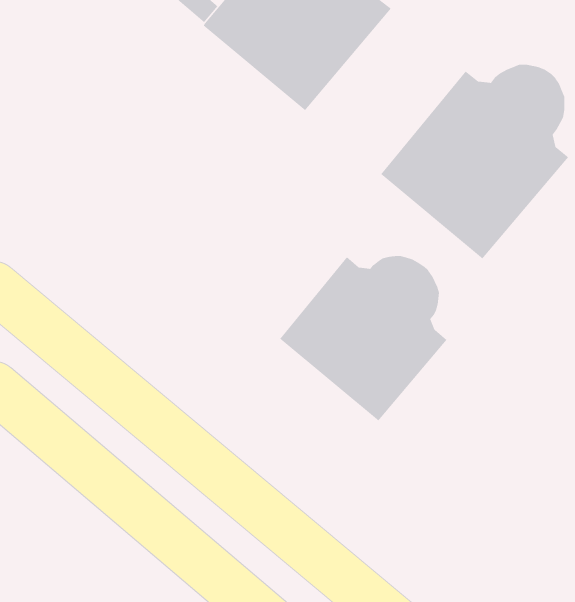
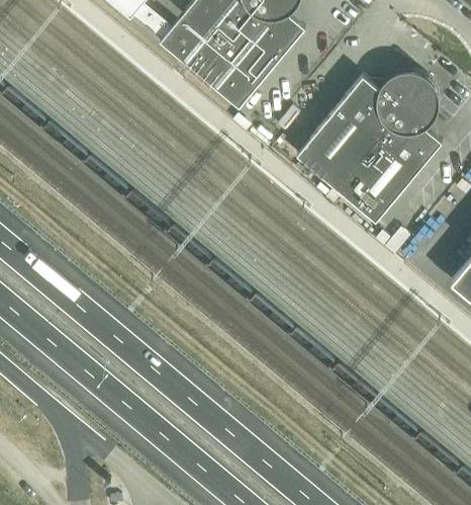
building: [279,255,447,421] -> none

